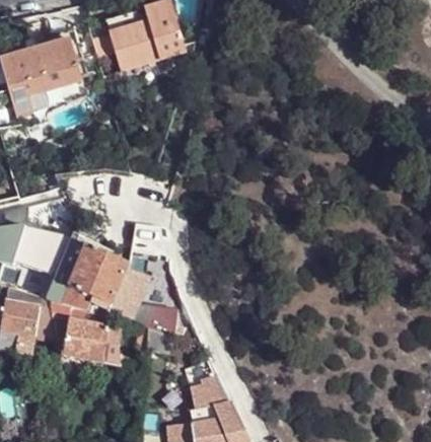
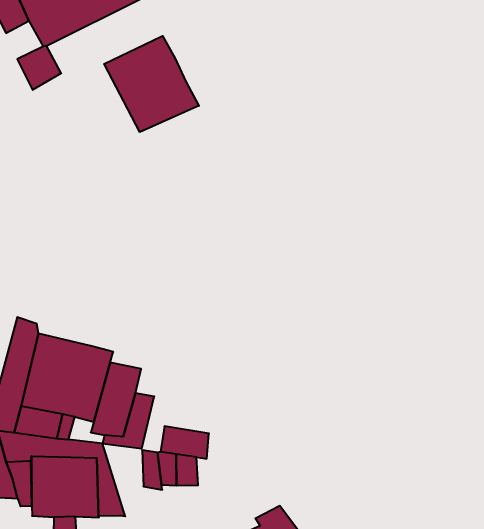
building: none -> [104,36,199,132]

